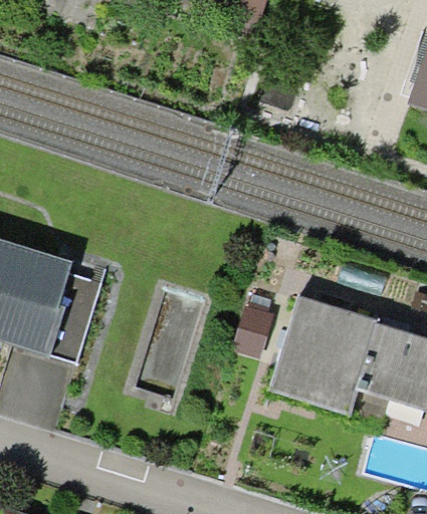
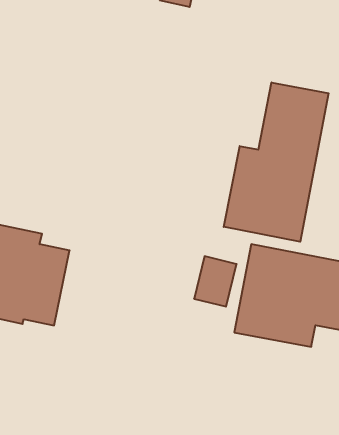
building: none -> [224,82,329,242]

